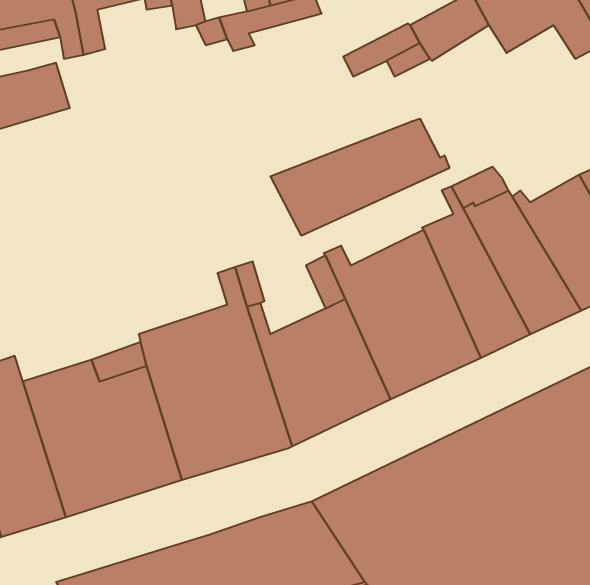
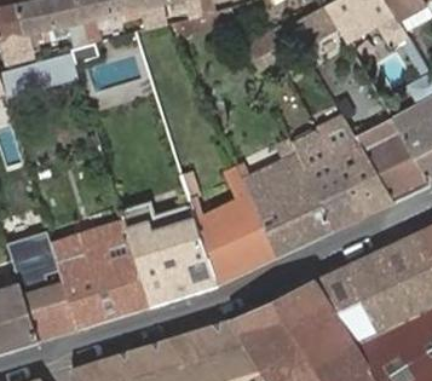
building: [270,119,449,236] -> none

